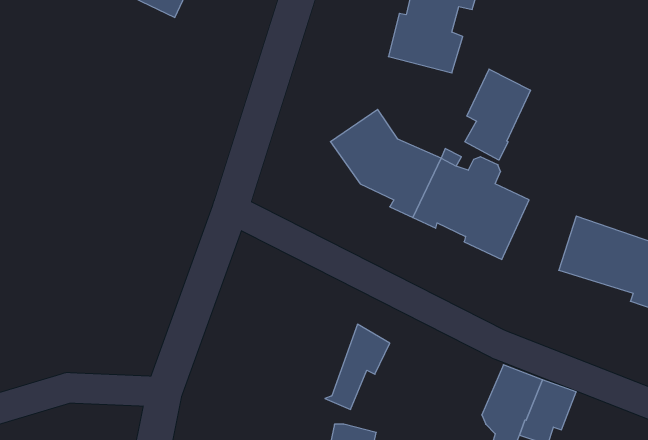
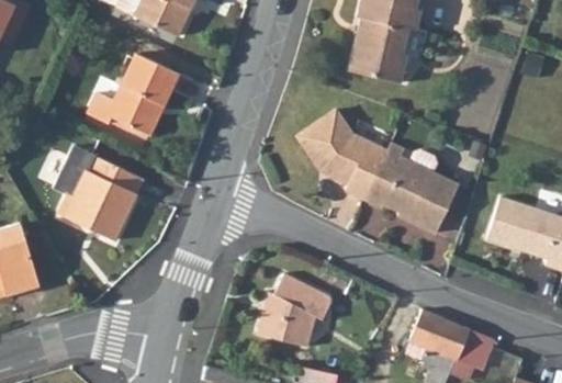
building: none -> [81,50,173,134]
building: [465,69,530,160] -> none
building: none -> [45,143,135,238]
building: none -> [265,271,319,343]

